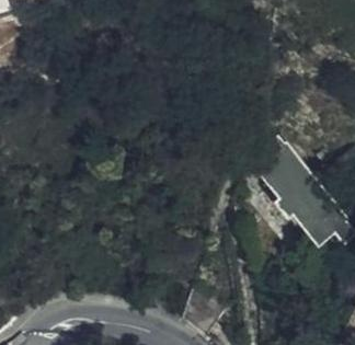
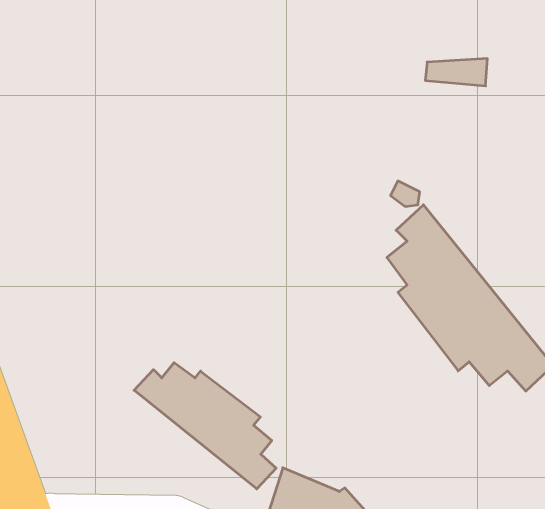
building: none -> [134,363,276,489]

